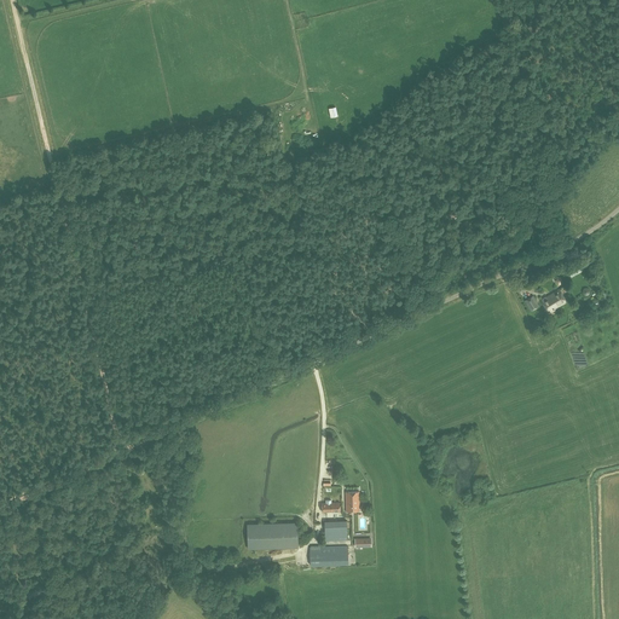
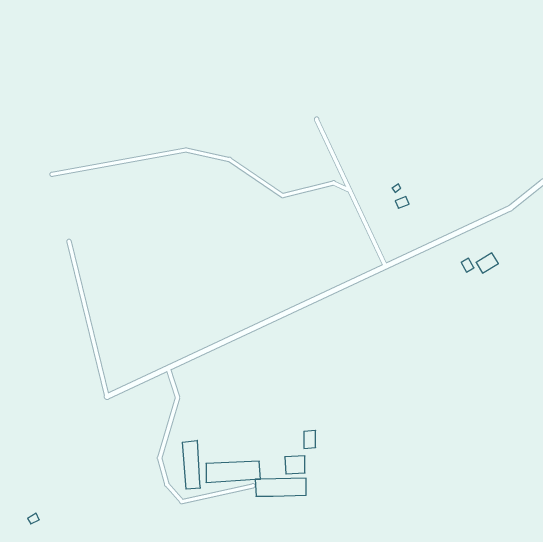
building: none -> [182,440,200,489]

